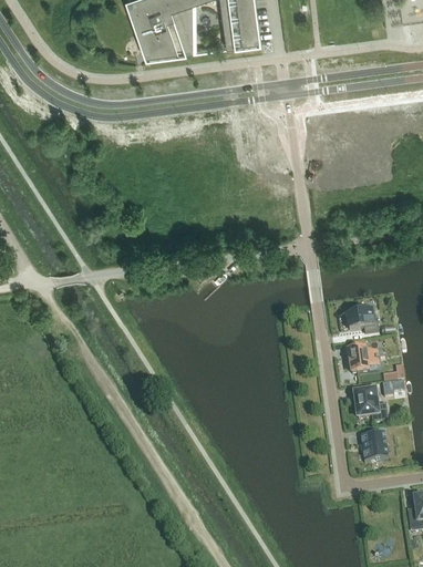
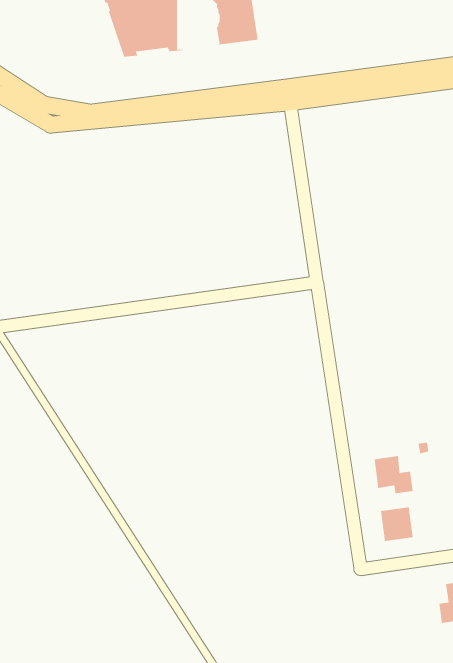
building: [339,307,379,331] -> none
building: [347,343,379,371] -> none

